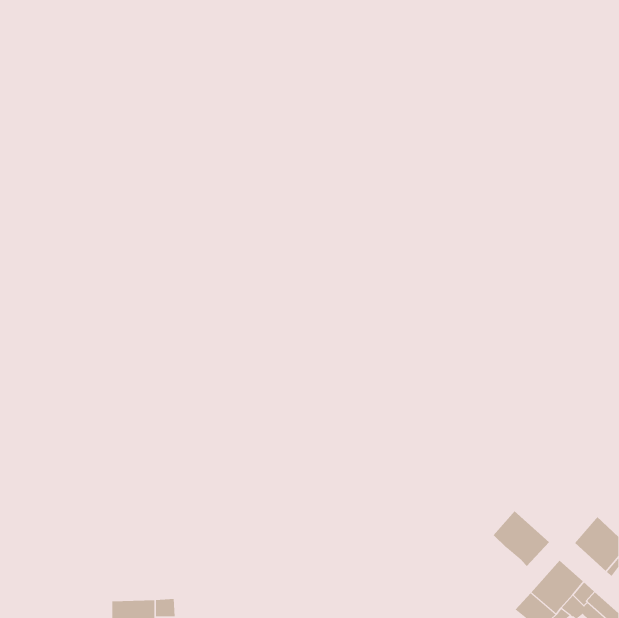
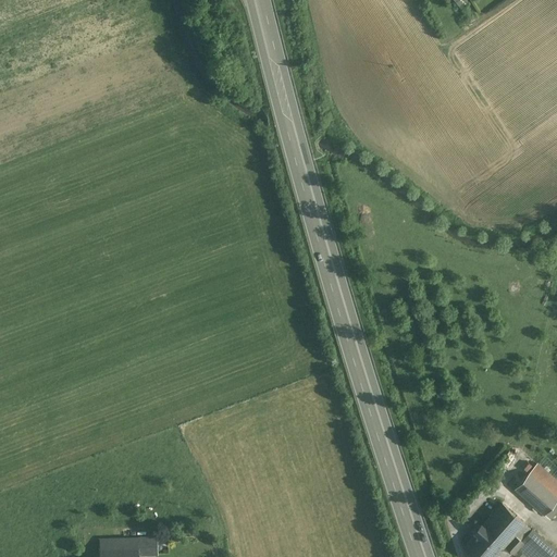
building: [493,511,550,567] -> none

